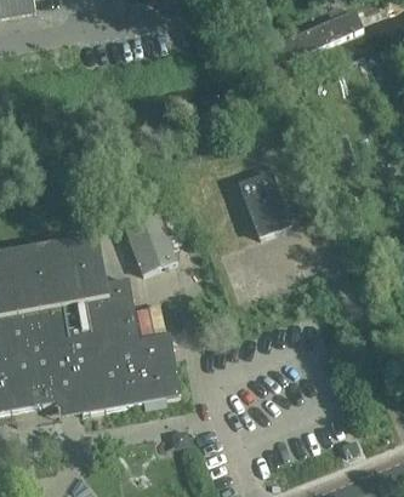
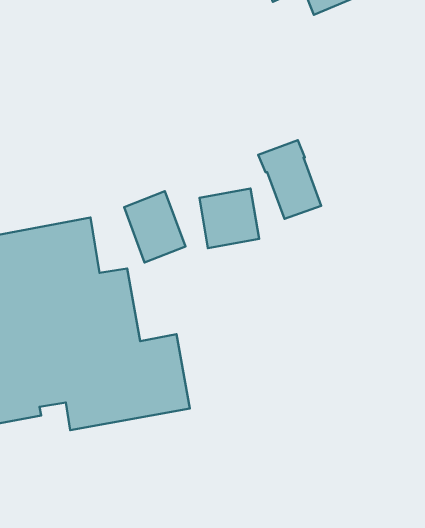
building: none -> [200,189,259,248]

